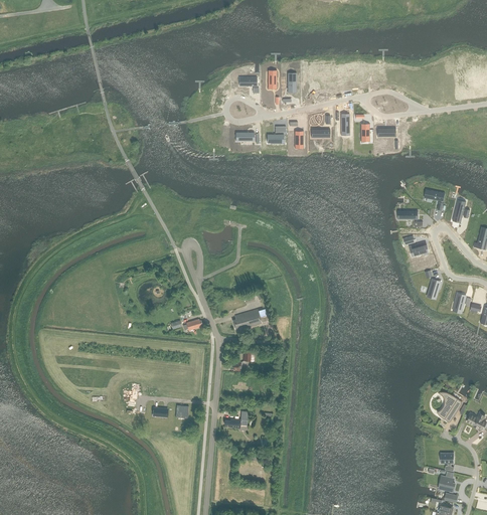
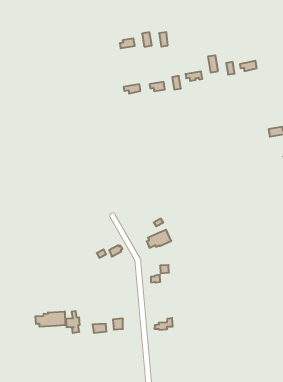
building: none -> [35,311,65,327]

